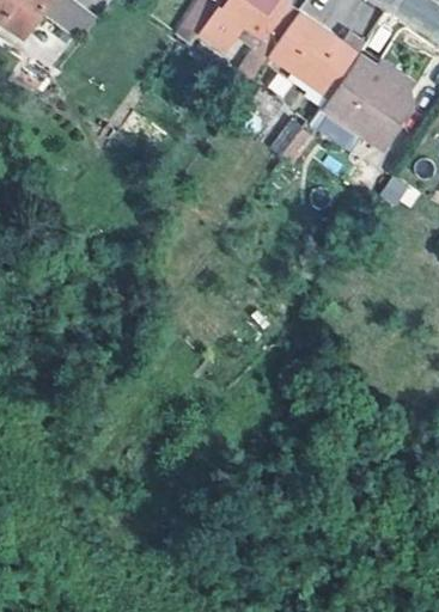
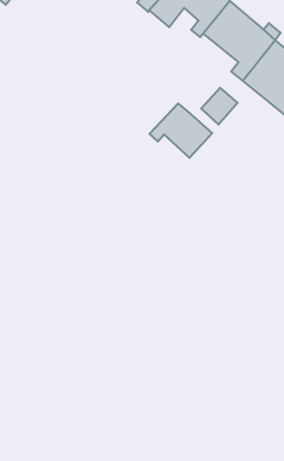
building: none -> [149,104,212,158]

